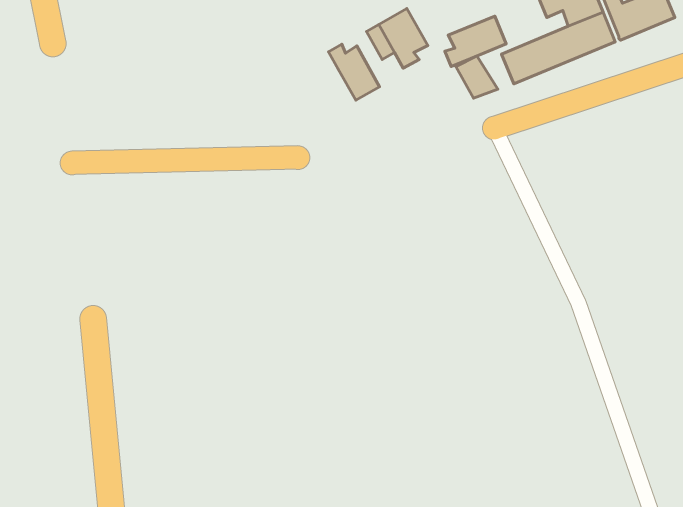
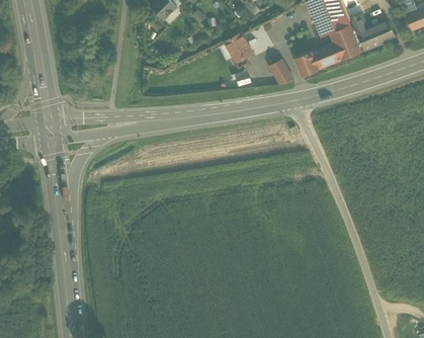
building: [445,16,506,67] -> none
building: [328,44,379,100] -> none

